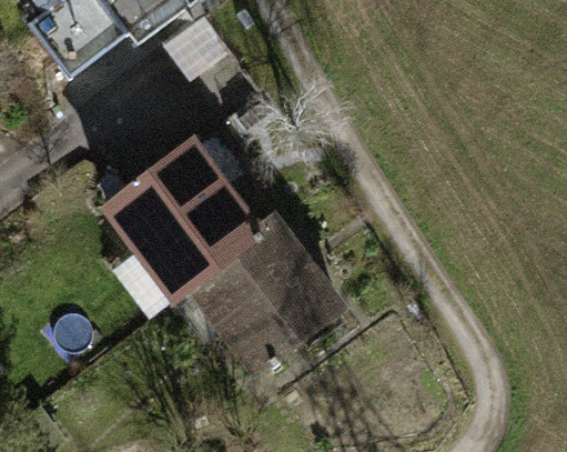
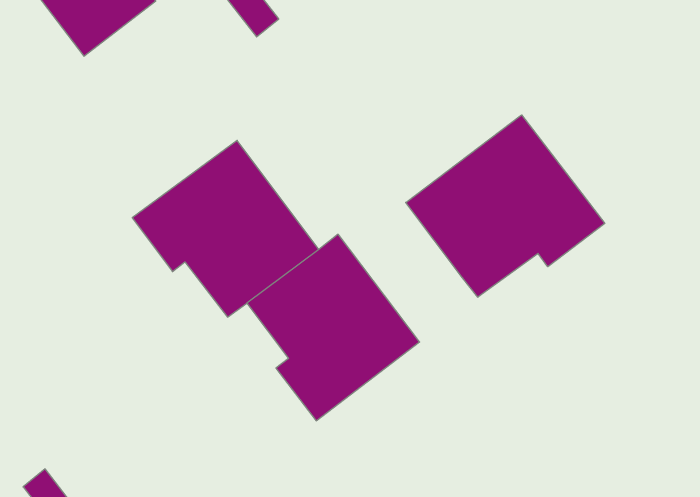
building: none -> [406,115,605,297]

